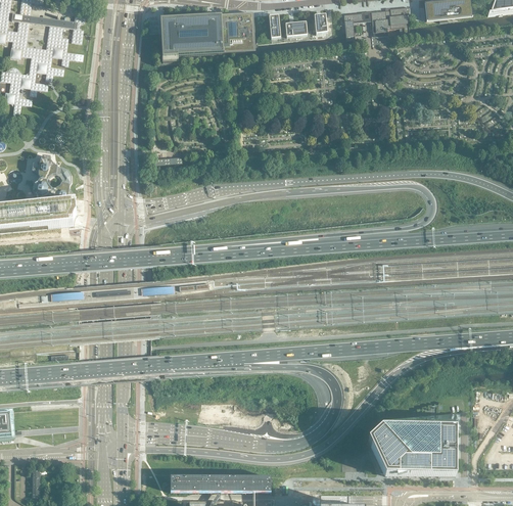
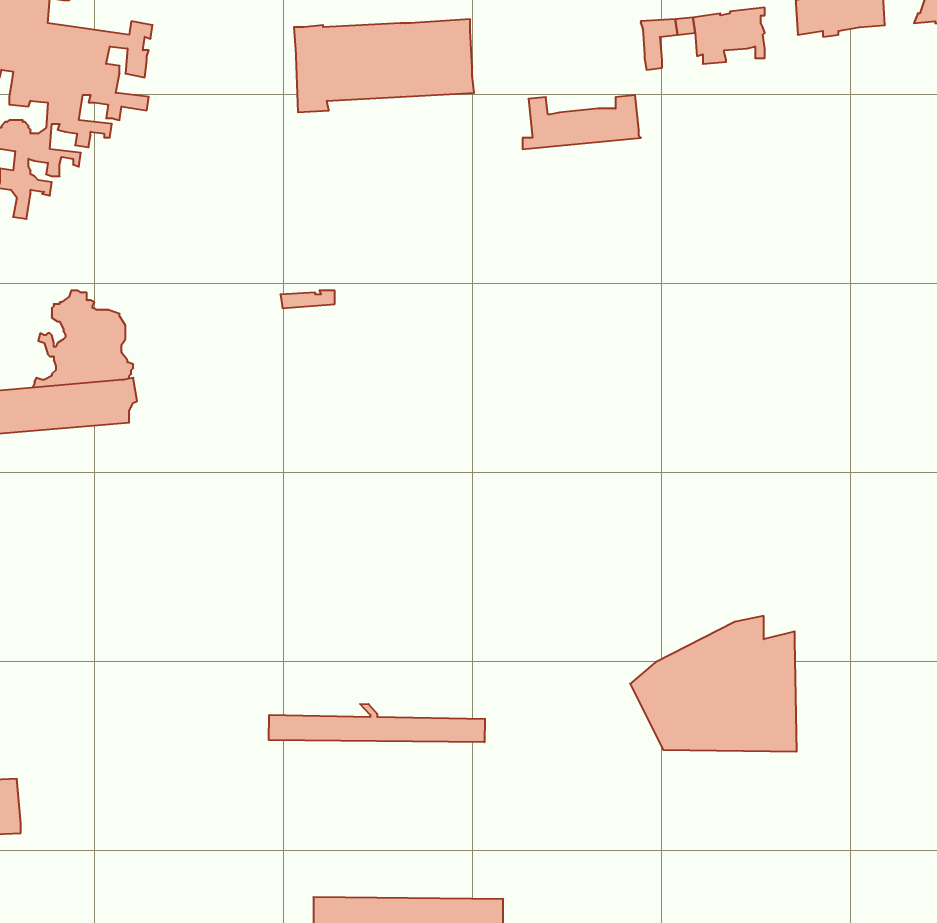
building: [264,11,326,40] -> [523,95,641,149]
building: none -> [269,704,485,742]
building: [367,401,455,472] -> [630,616,797,752]

